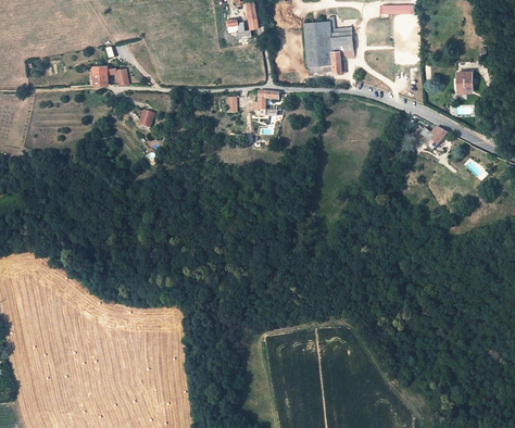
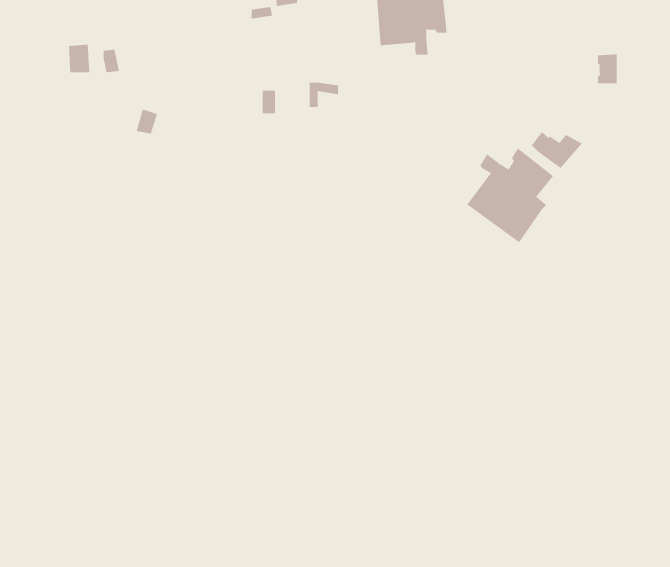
building: none -> [466,147,554,243]

